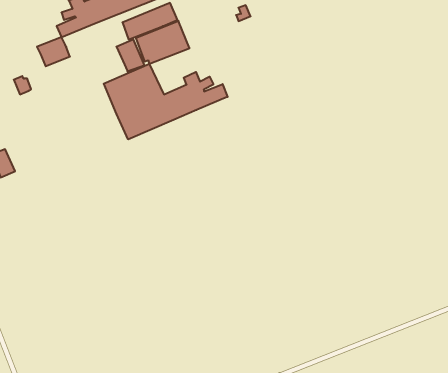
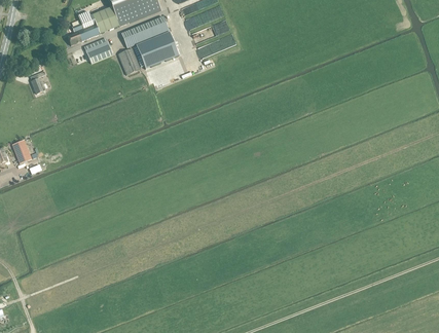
building: [37,37,70,66] -> [84,38,112,63]
building: [104,64,228,139] -> none

